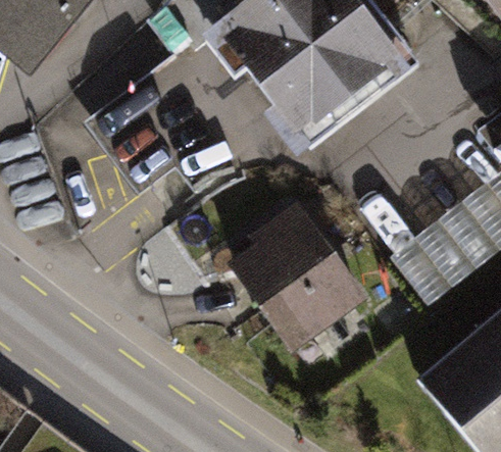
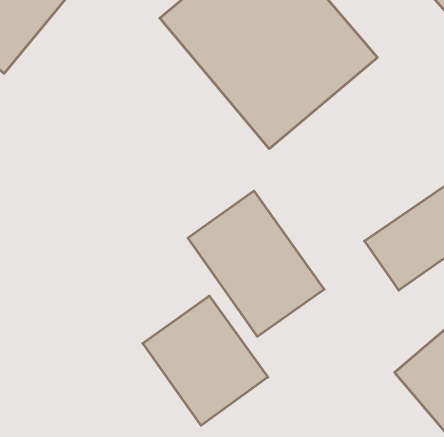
building: none -> [143,296,268,425]

